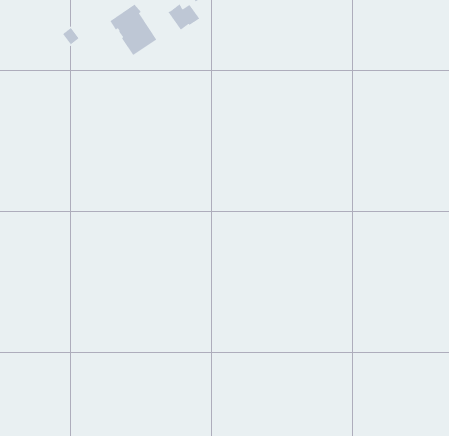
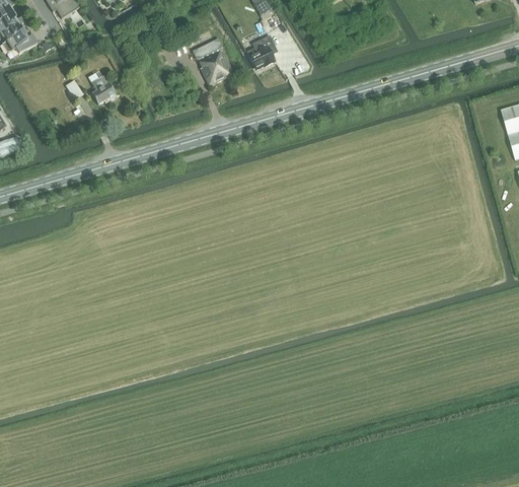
building: none -> [91,74,117,101]

